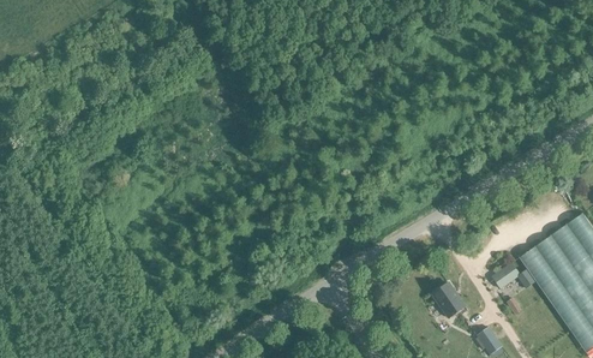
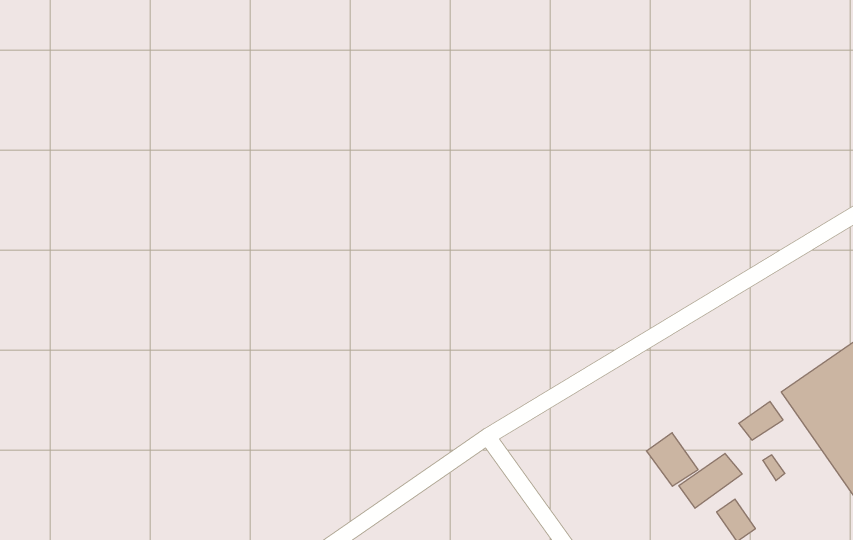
building: none -> [679,453,742,508]

